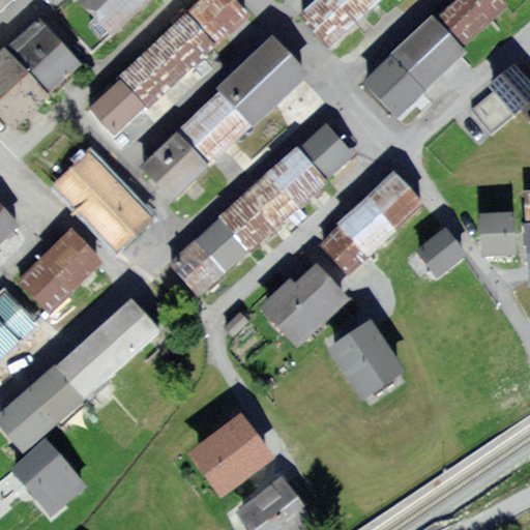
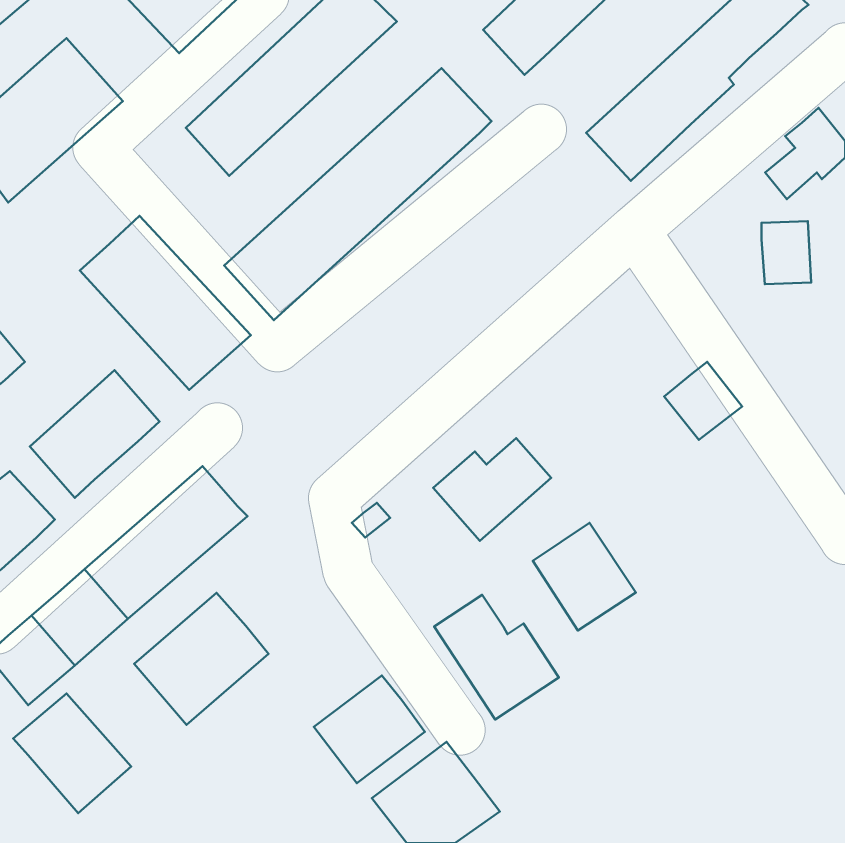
building: [81,77,139,135] -> none
building: [170,132,344,294] -> none
building: [315,173,422,275] -> none
building: [481,212,512,252] -> [761,221,811,284]
building: none -> [134,593,269,725]
building: none -> [434,595,559,720]

